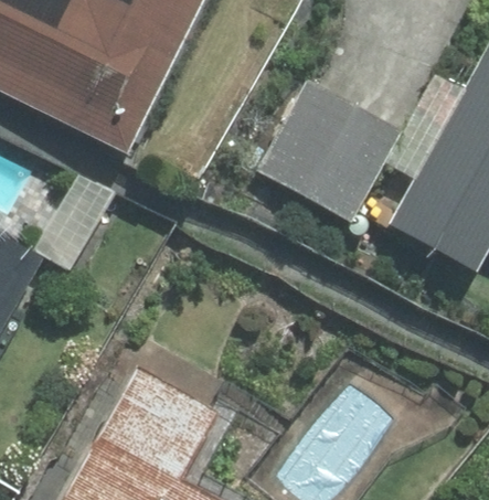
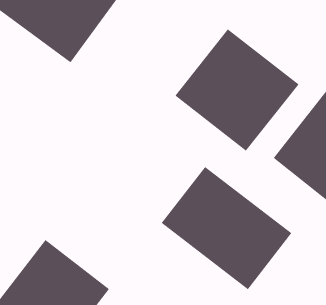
building: none -> [161,166,292,290]

